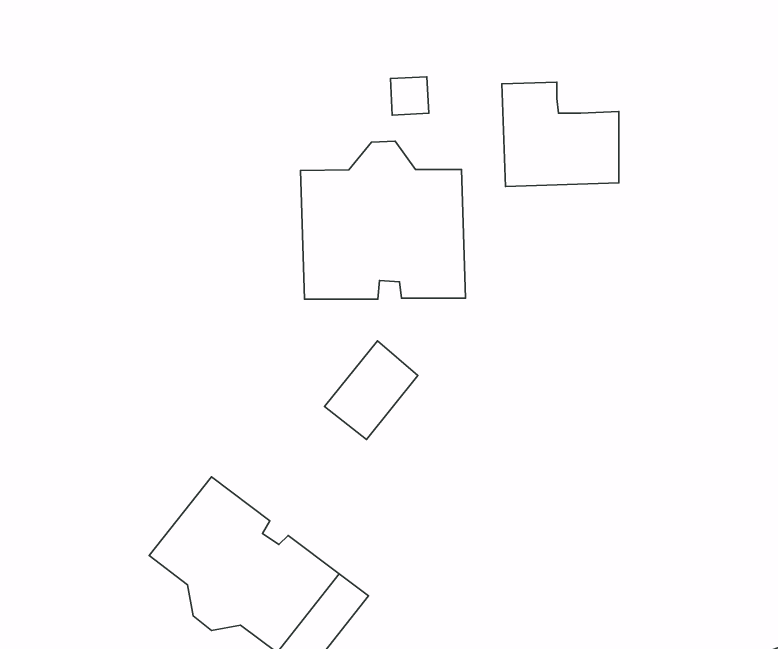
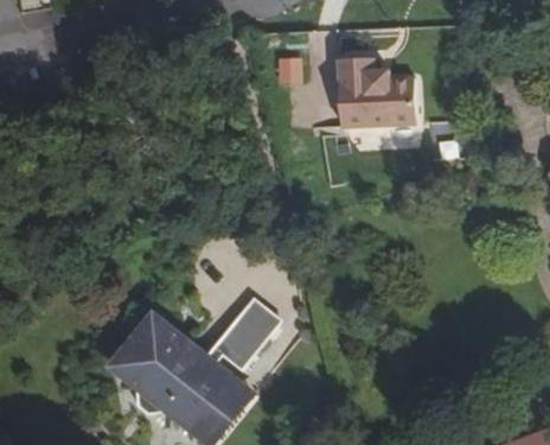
building: [300,141,466,299] -> none
building: [325,341,418,439] -> [215,303,275,367]

